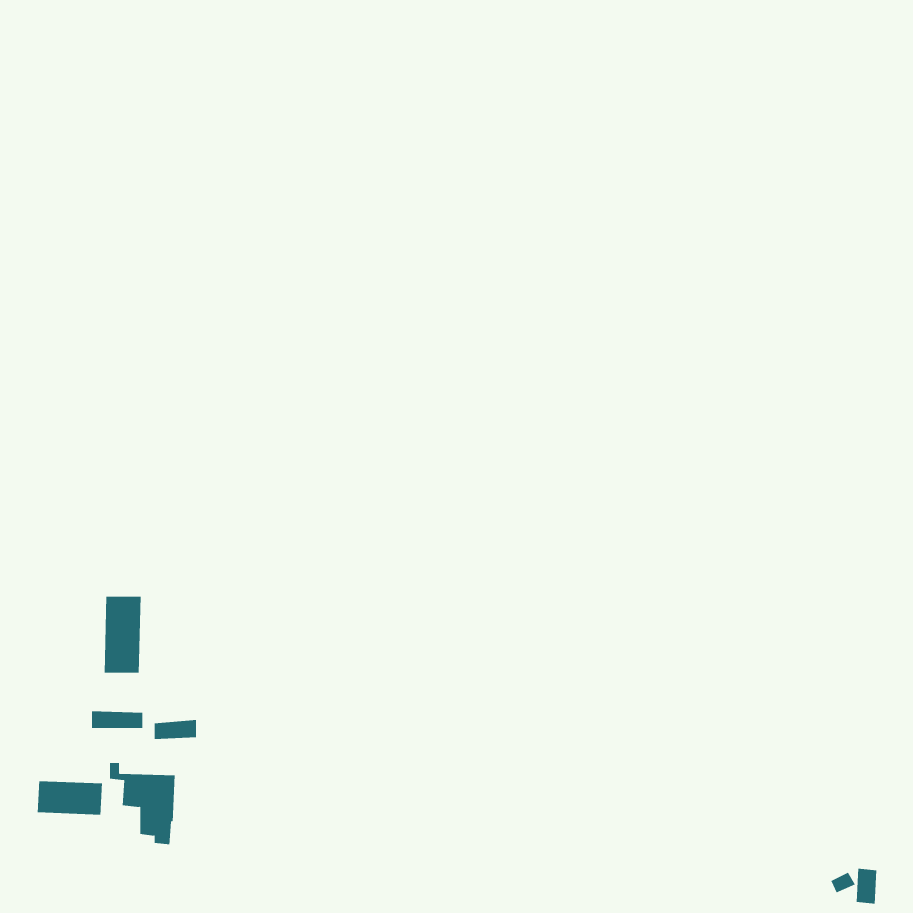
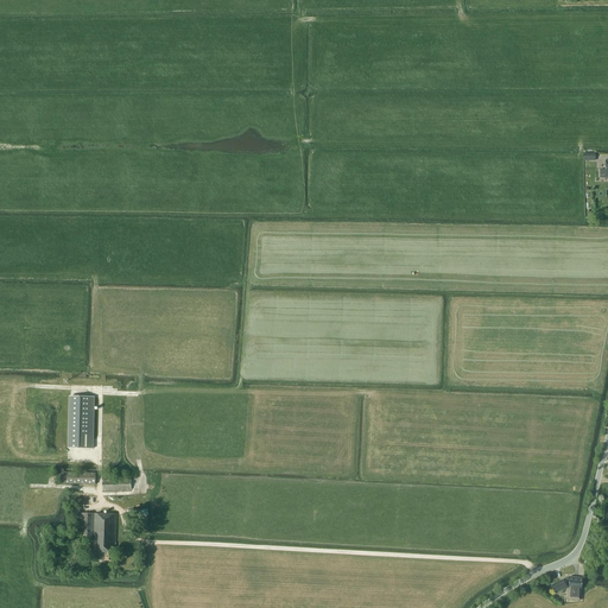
building: [37,781,103,815] -> none

